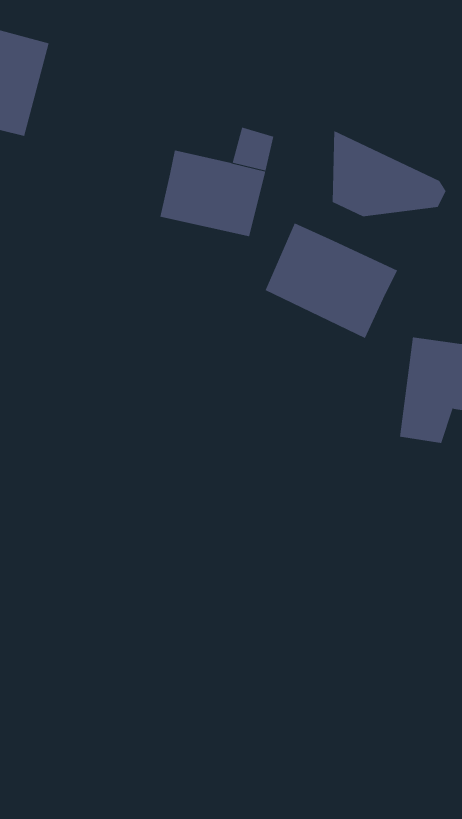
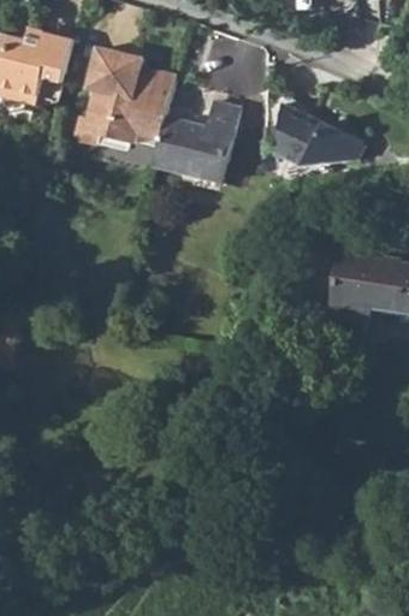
building: none -> [77,46,174,140]
building: [265,222,398,339] -> none

